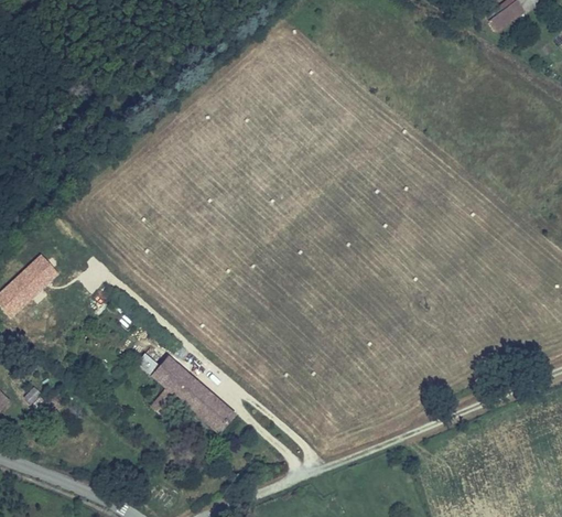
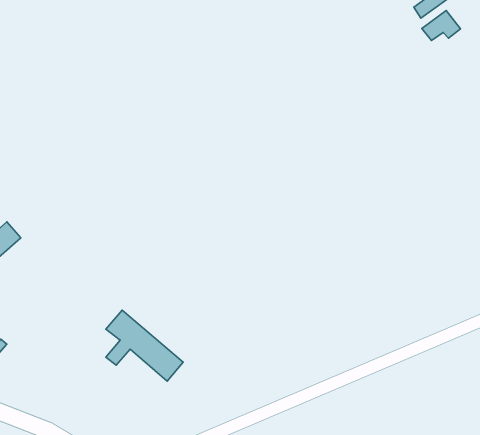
building: none -> [422,11,460,41]

